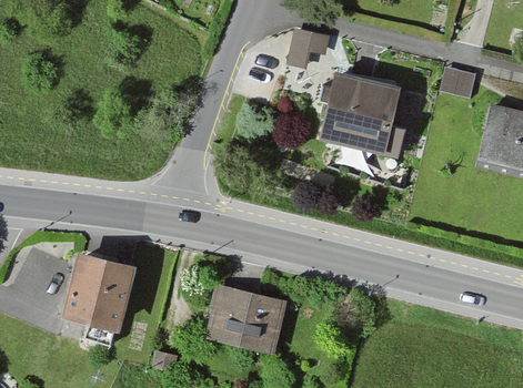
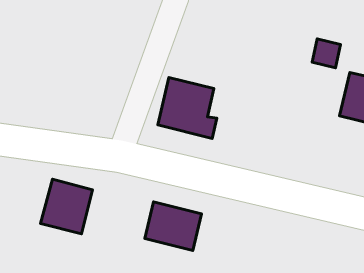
building: [285,27,331,71] -> none
building: [322,73,404,157] -> [158,77,217,138]

